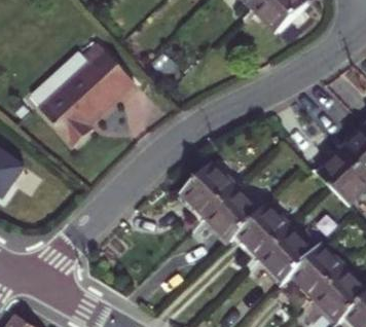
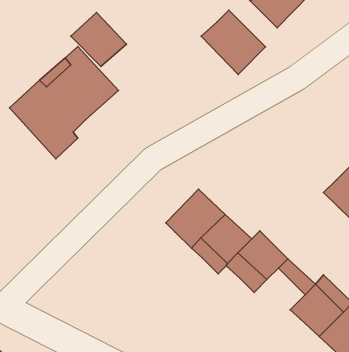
building: none -> [201,10,266,74]
building: none -> [71,13,127,67]
building: [257,243,302,287] -> none

